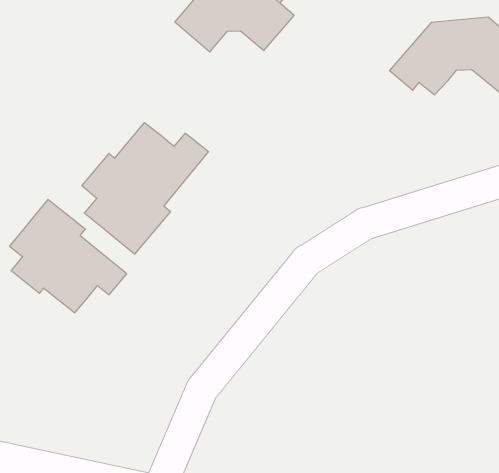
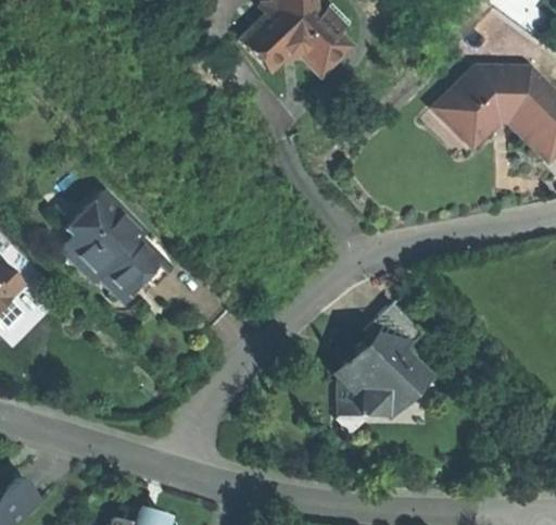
building: [82,123,208,254] -> none
building: none -> [338,307,418,415]

